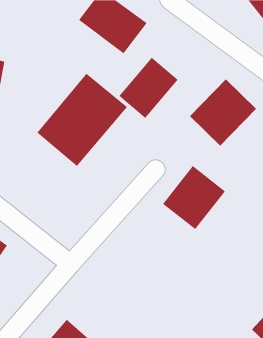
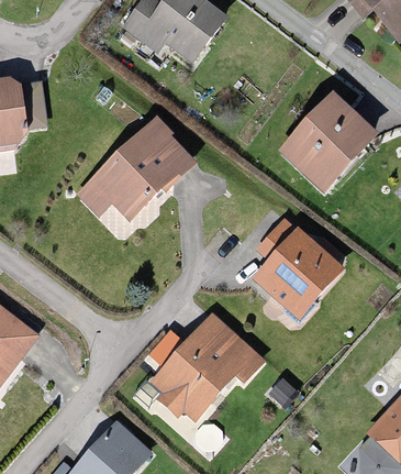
building: [119,57,178,119] -> none
building: none -> [141,300,260,422]

